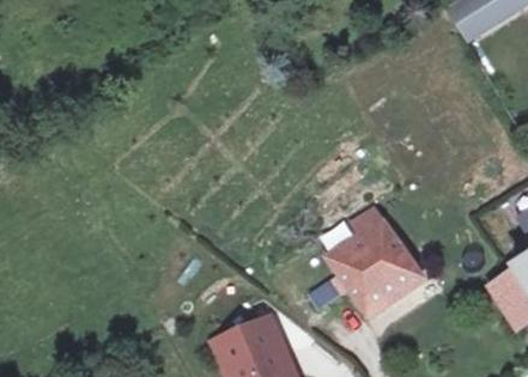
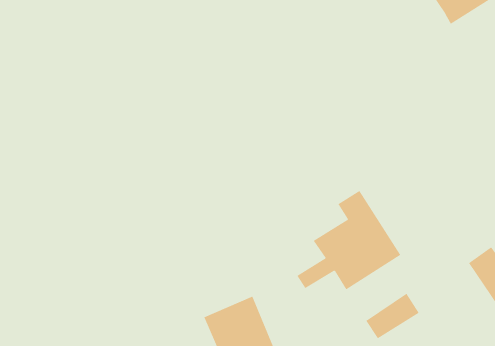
building: none -> [365,293,419,339]

